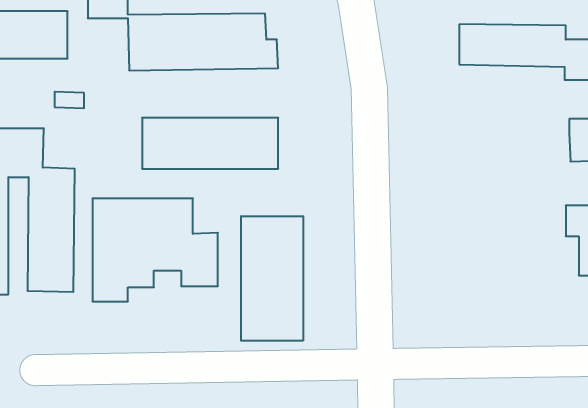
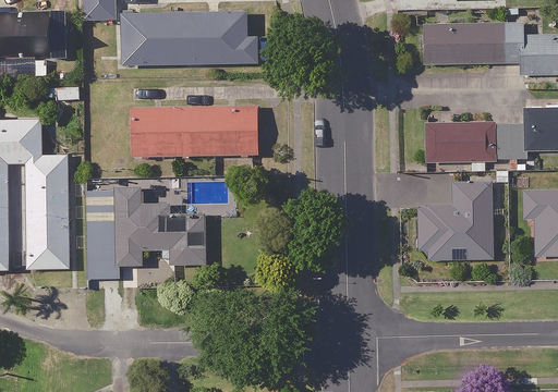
building: none -> [426,123,523,161]
building: none -> [416,182,493,259]
building: [241,216,303,341] -> none

